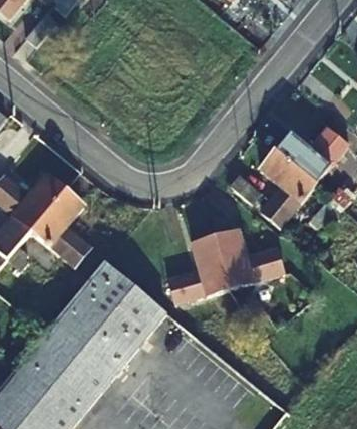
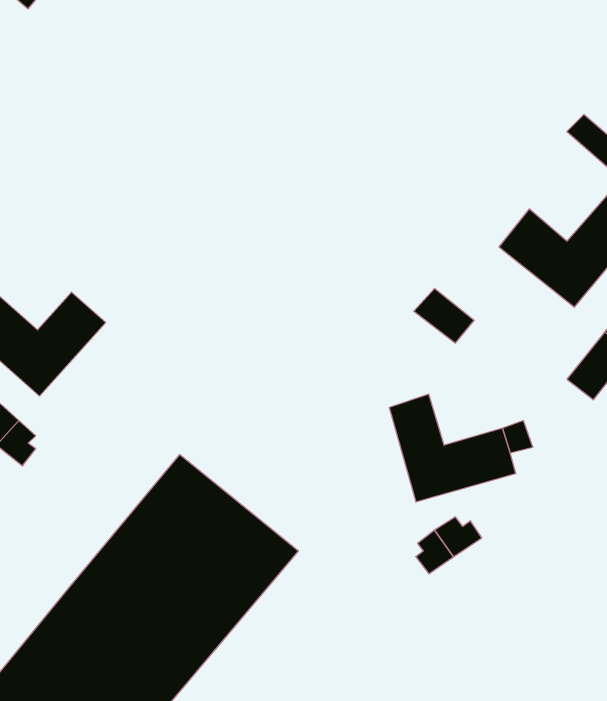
building: [259,152,313,226] -> none
building: [29,192,87,267] -> none
building: [167,237,229,303] -> none

